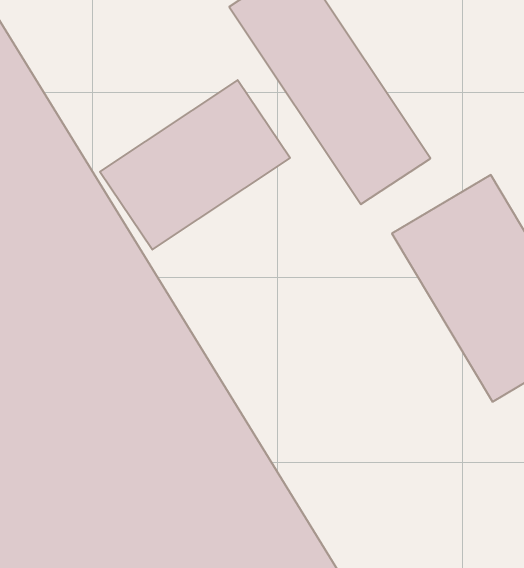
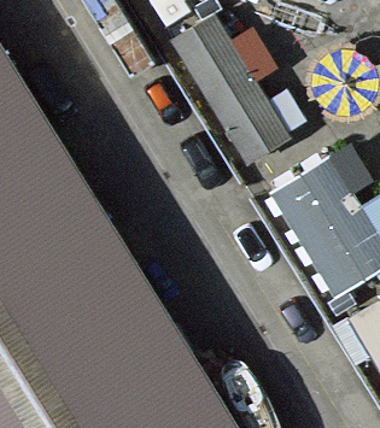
building: [100,80,290,250] -> none

